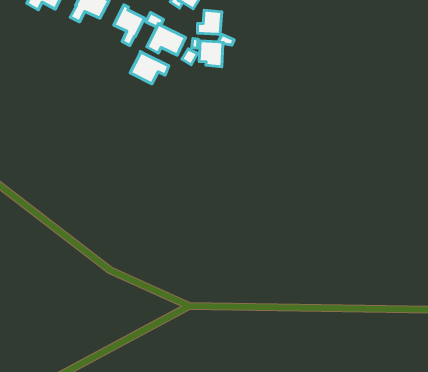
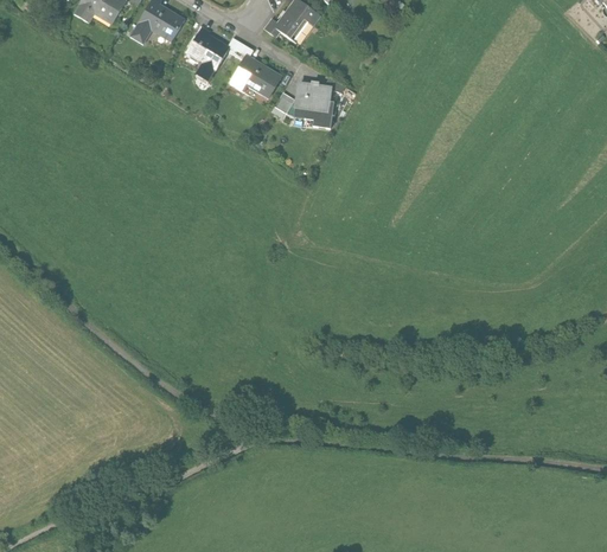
building: [197,10,222,35] -> none
building: [130,51,169,84] -> none

